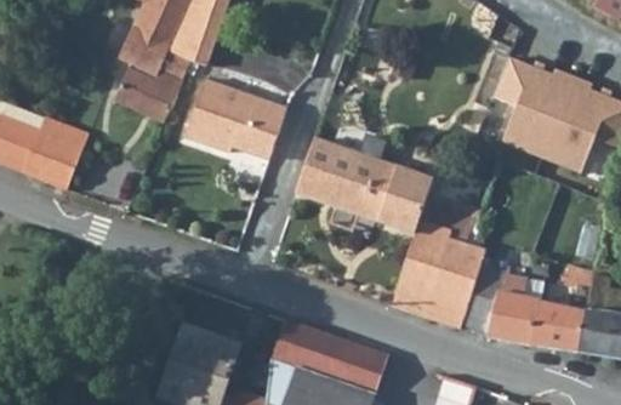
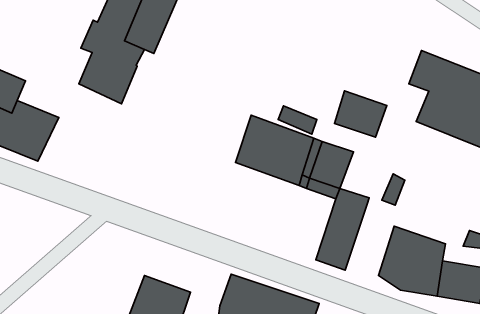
building: [184,79,286,158] -> none
building: none -> [335,91,387,137]
building: [422,238,484,326] -> none

